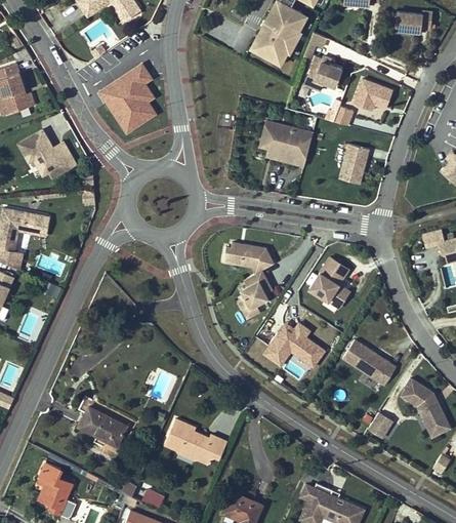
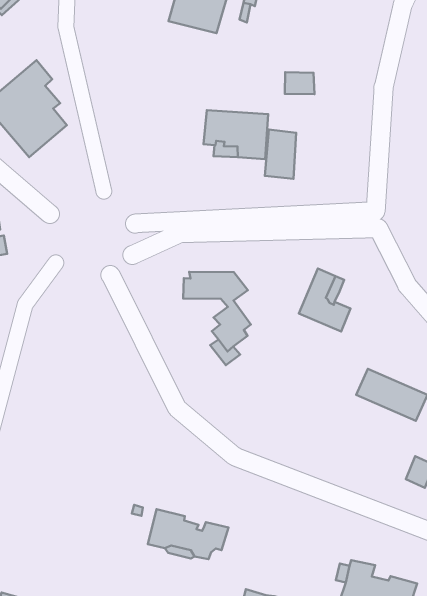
building: [304,57,341,90] -> none
building: [351,75,393,114] -> none
building: [339,144,369,185] -> [265,129,296,179]
building: [261,318,327,366] -> none
building: [78,406,127,445] -> none

